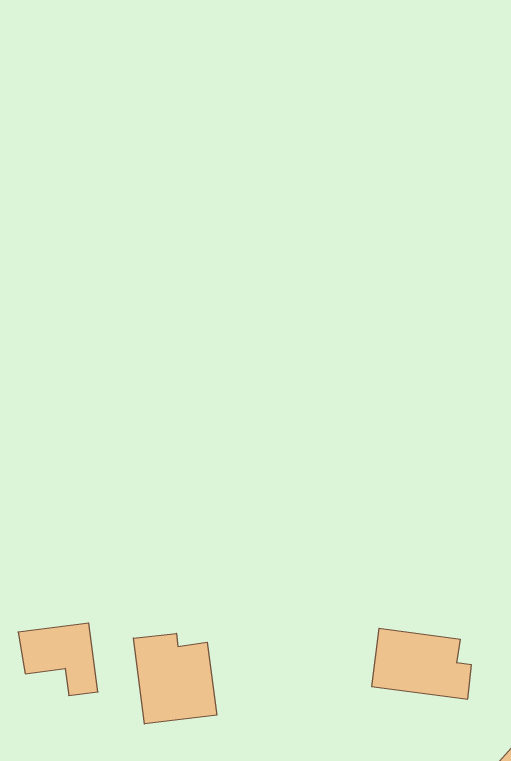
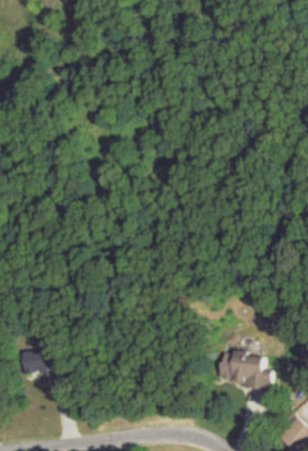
building: [133,633,217,724] -> none

